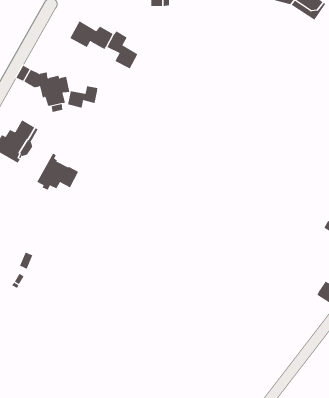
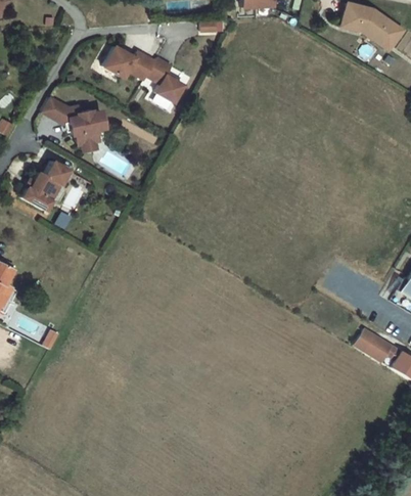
building: [67,86,98,109] -> none
building: [37,153,79,190] -> none
building: none -> [355,328,402,361]

